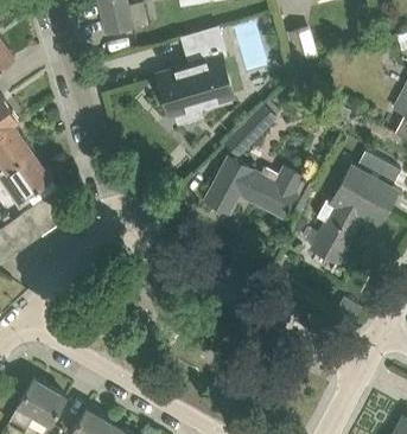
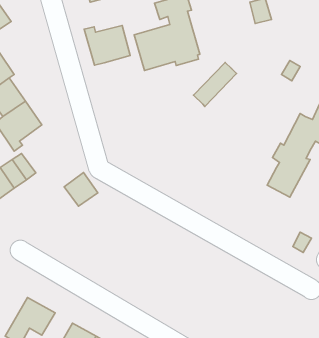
building: none -> [84,26,130,65]
building: [204,158,304,218] -> none
building: [26,196,65,235] -> [64,172,98,206]

